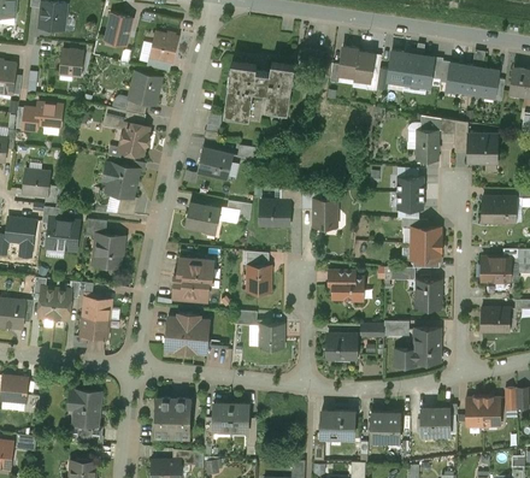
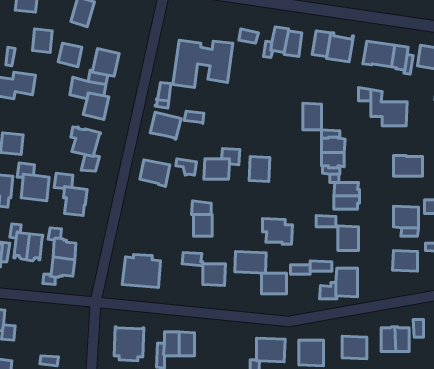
building: [151,34,178,61] -> [58,43,82,67]
building: [417,129,438,160] -> [303,103,321,130]
building: [173,256,214,300] -> none
building: none -> [235,251,266,273]
building: [67,390,101,426] -> none

